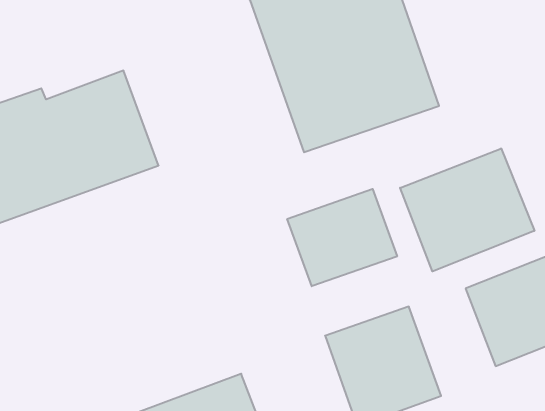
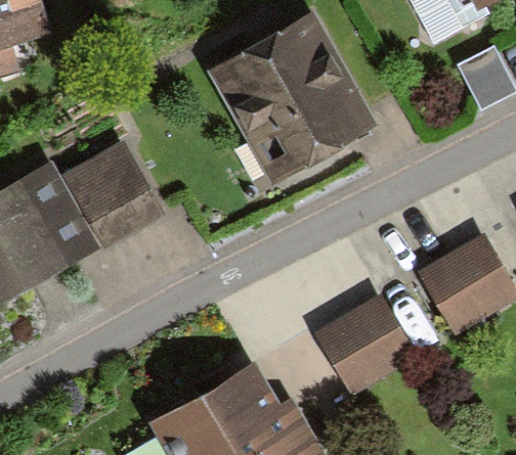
building: [400,148,534,271] -> none
building: [287,189,397,286] -> none

